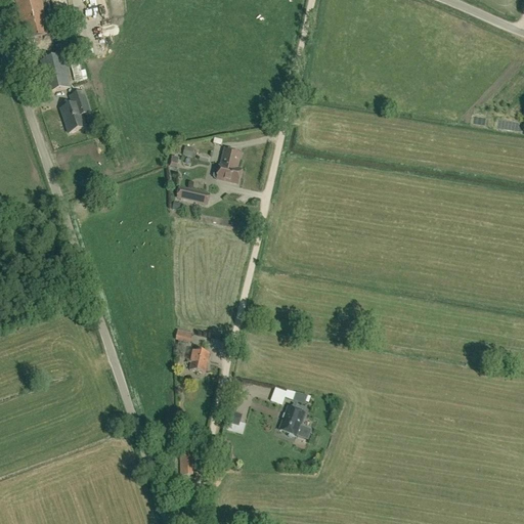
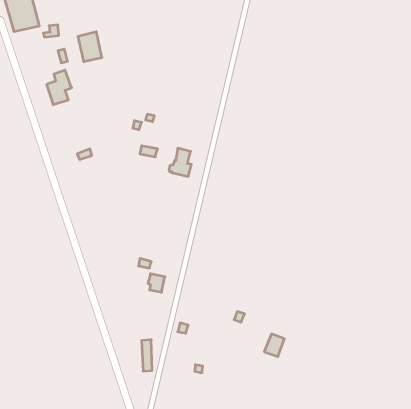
building: [40,53,71,91] -> [78,32,102,62]
building: [214,146,243,182] -> [169,148,191,176]
building: [279,405,305,434] -> [264,334,284,357]

